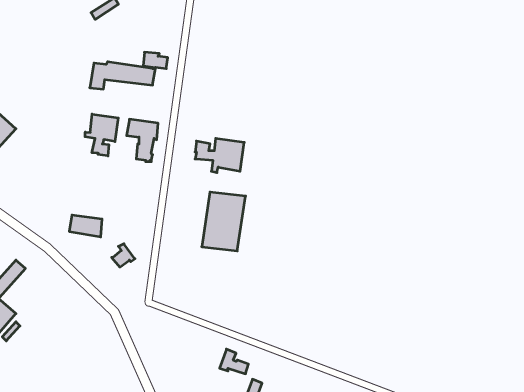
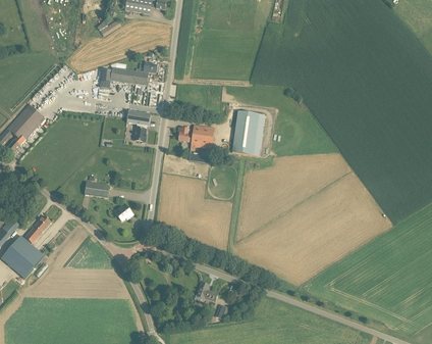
building: [85,114,118,156] -> none
building: [202,192,246,251] -> [231,111,264,155]

